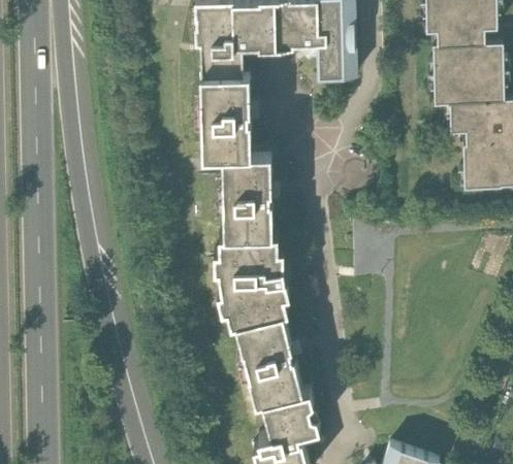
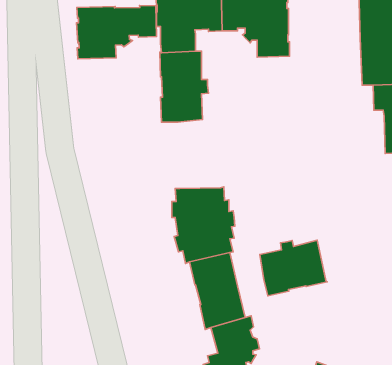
building: none -> [77,6,157,59]
building: [219,151,270,234] -> none
building: none -> [260,240,327,296]

